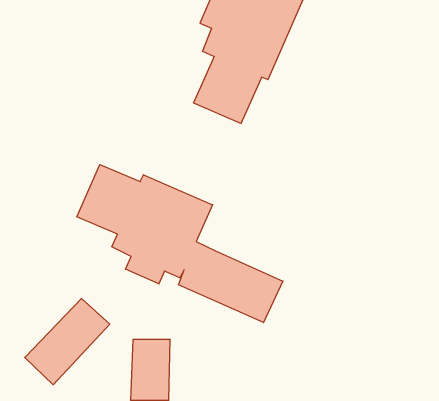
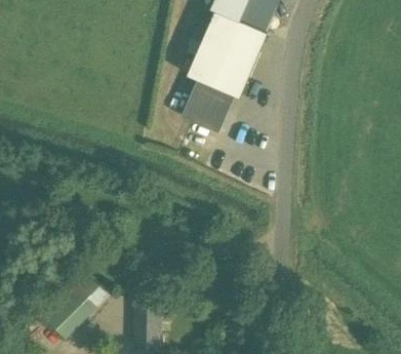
building: [77,165,283,323] -> none

